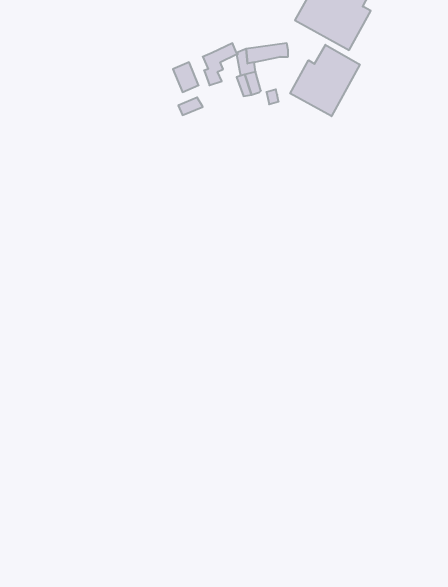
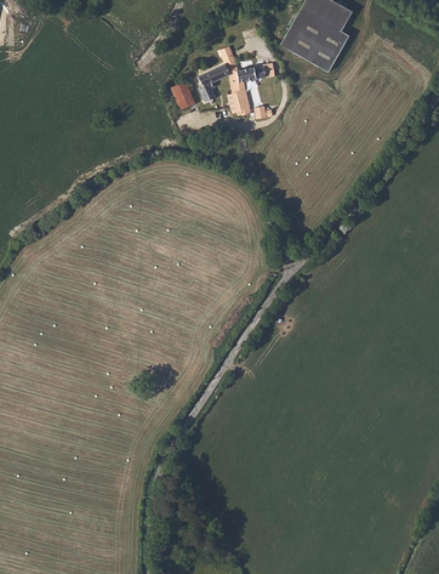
building: [290,45,360,116] -> none

